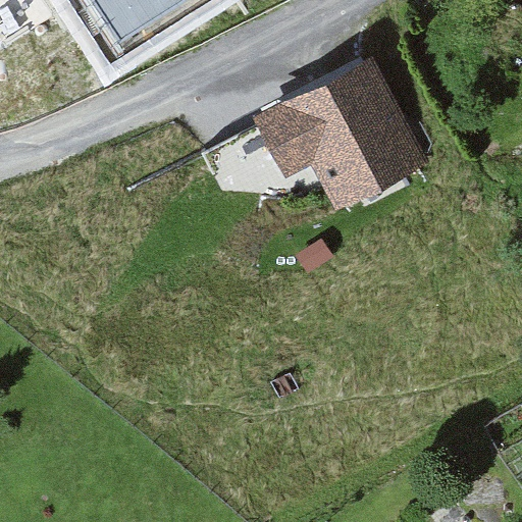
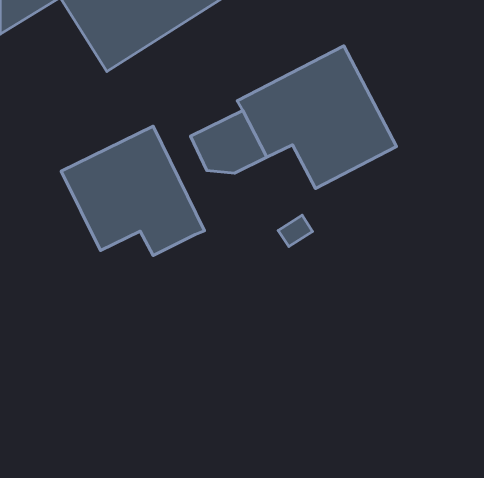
building: none -> [61,126,204,256]

